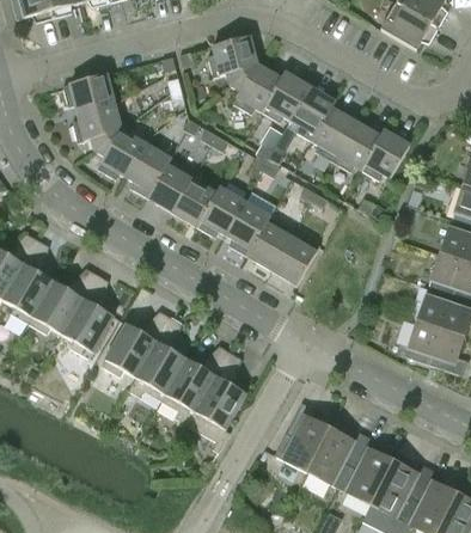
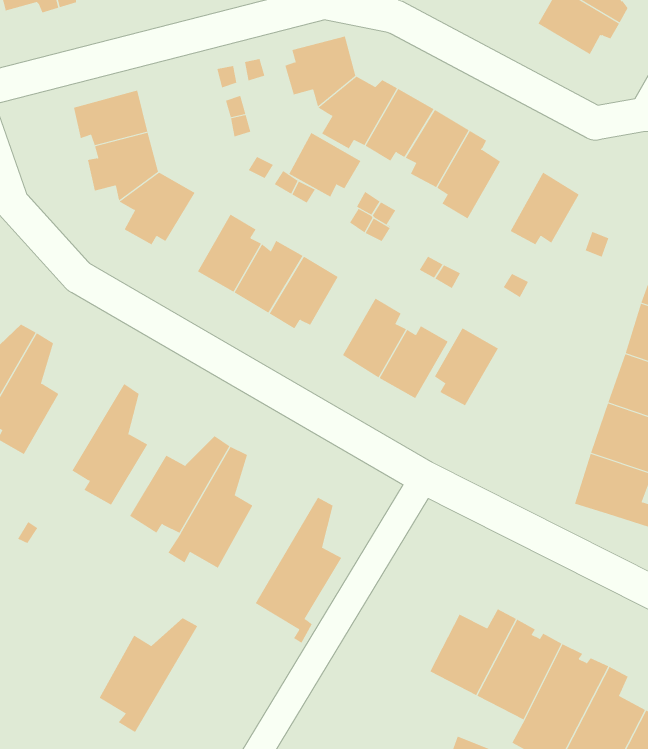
building: none -> [289,132,361,198]
building: [332,122,384,172] -> none
building: [126,143,170,197] -> none
building: [225,201,269,255] -> [434,328,499,406]
building: [29,268,97,333] -> none
building: [161,345,230,424] -> [99,617,198,733]
building: [274,403,326,471] -> none

